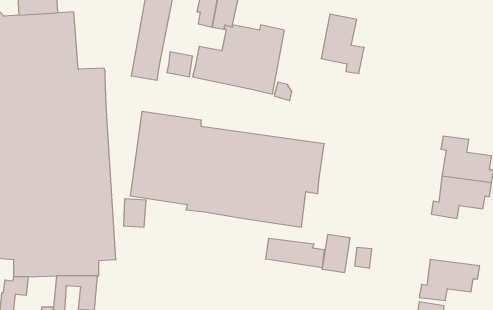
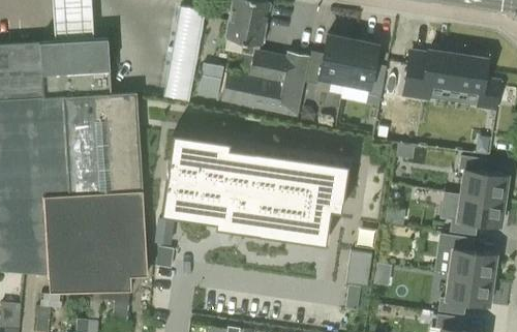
building: none -> [305,35,353,85]
building: none -> [405,47,499,109]
building: none -> [448,237,498,281]
building: [266,238,324,268] -> none

